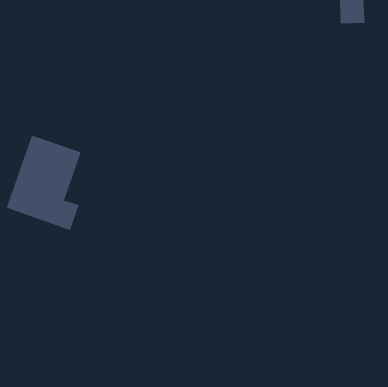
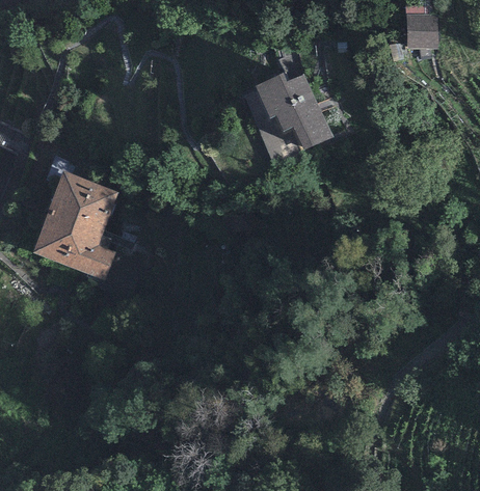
building: none -> [254,73,330,149]

